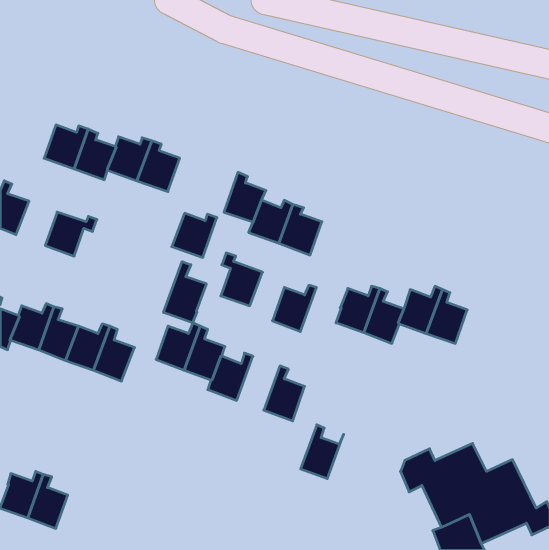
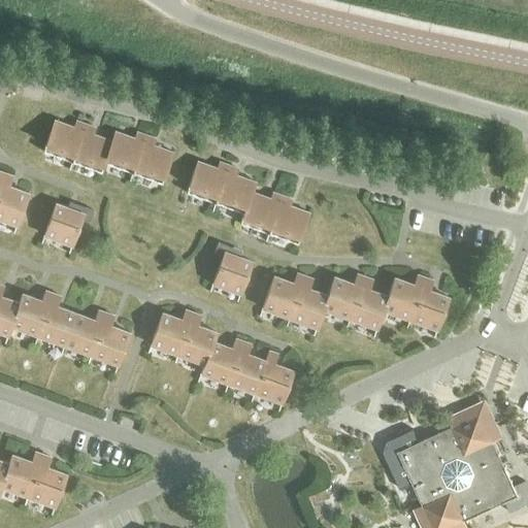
building: [172,213,217,257] -> [186,161,229,203]
building: [164,262,206,323] -> none
building: none -> [289,275,328,328]
building: none -> [450,400,503,452]
building: [301,425,344,479] -> [228,341,269,393]

